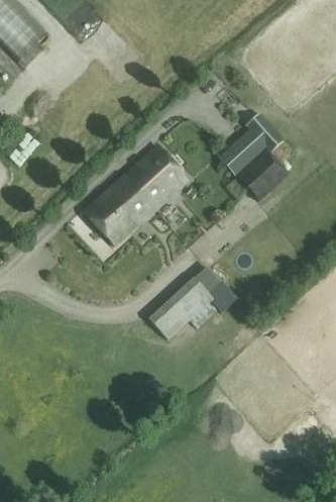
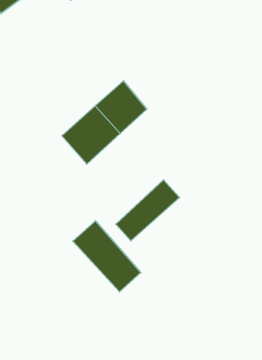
building: [219,114,290,201] -> none
building: none -> [73,221,141,292]

